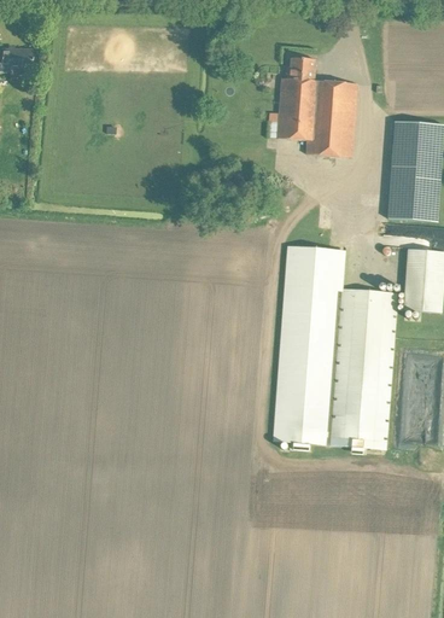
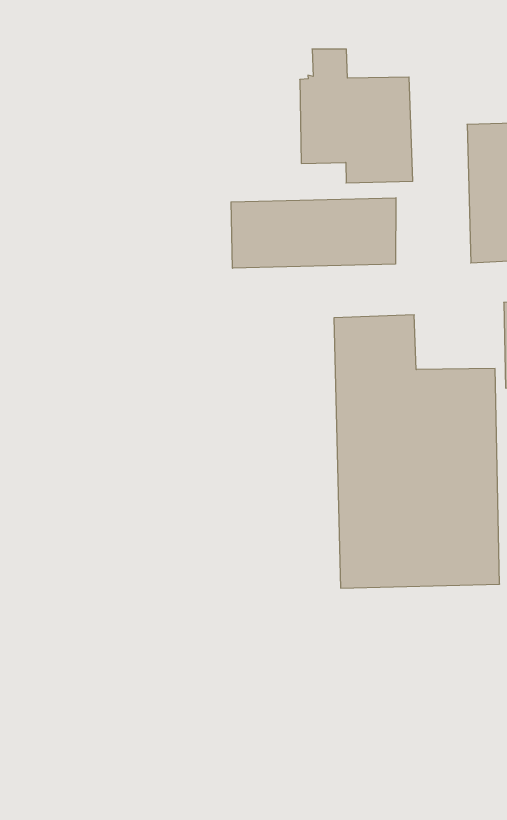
building: none -> [231,198,396,268]

